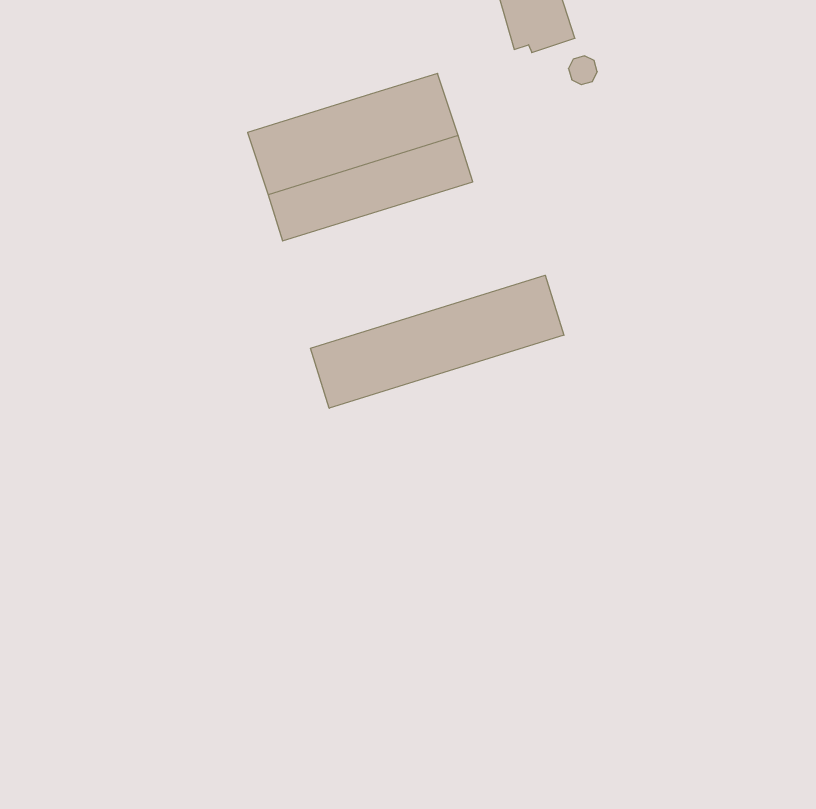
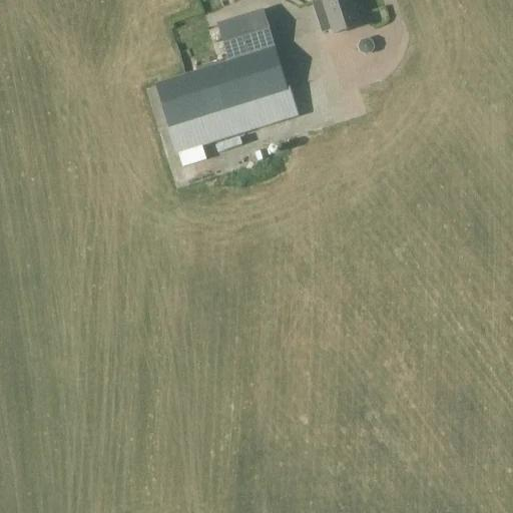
building: none -> [220,7,275,59]
building: [311,275,564,408] -> none

